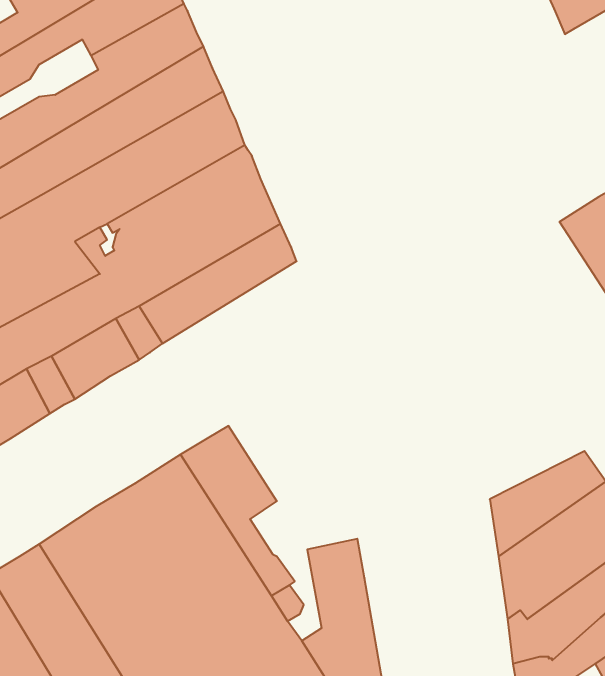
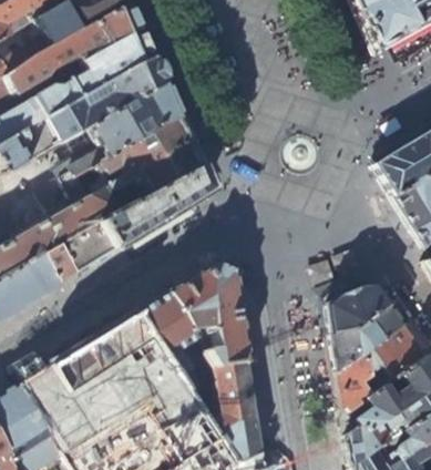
building: none -> [168,260,248,368]
building: none -> [326,288,389,337]

